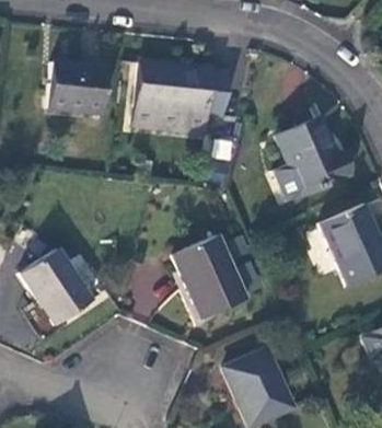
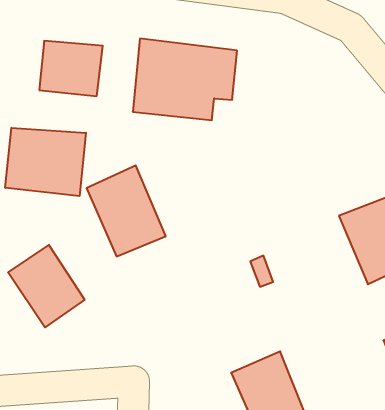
building: [275,116,351,200] -> none
building: none -> [5,128,86,196]
building: [173,234,245,317] -> [87,165,166,256]

